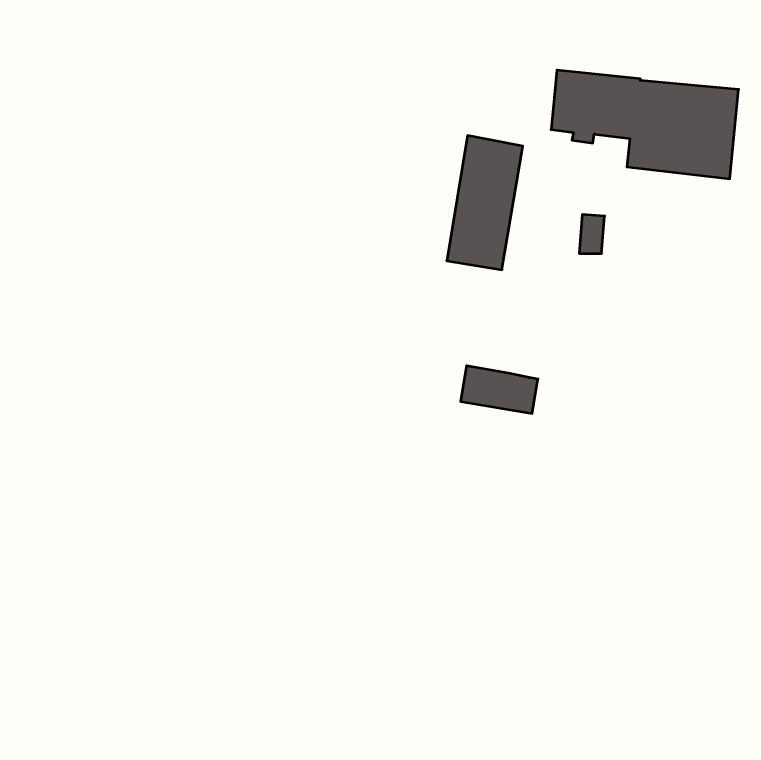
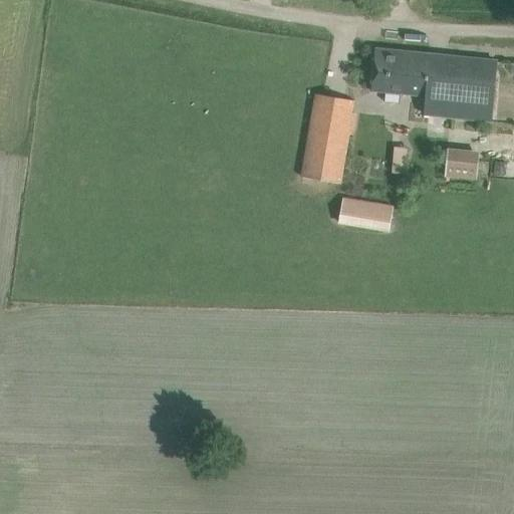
building: none -> [445,148,481,181]
building: [461,366,538,413] -> [339,197,392,229]

